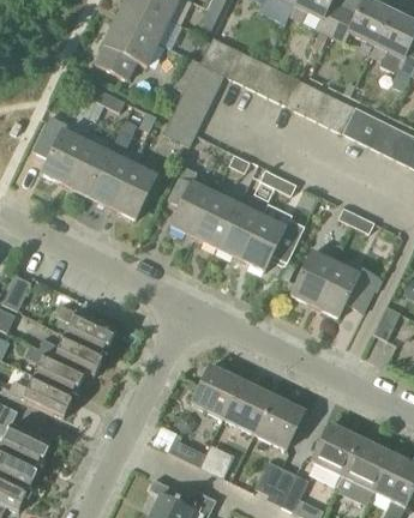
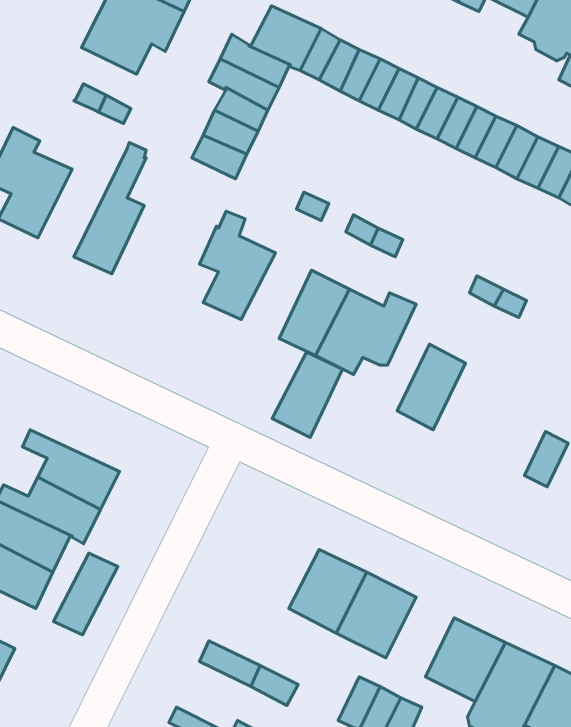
building: [65,127,121,195] -> none
building: [112,163,156,218] -> none
building: [193,193,238,247] -> [272,352,342,438]
building: [314,263,380,317] -> none
building: [191,365,242,417] -> none
building: none -> [54,553,118,635]

